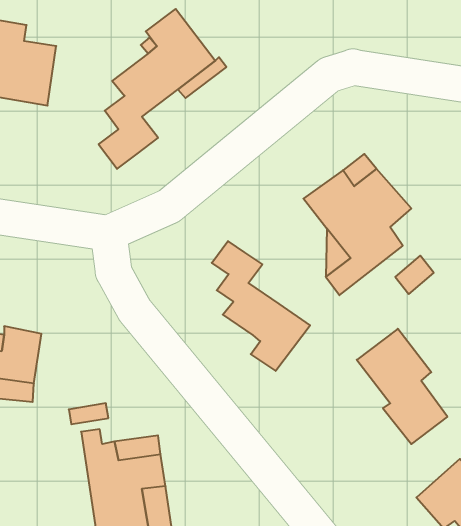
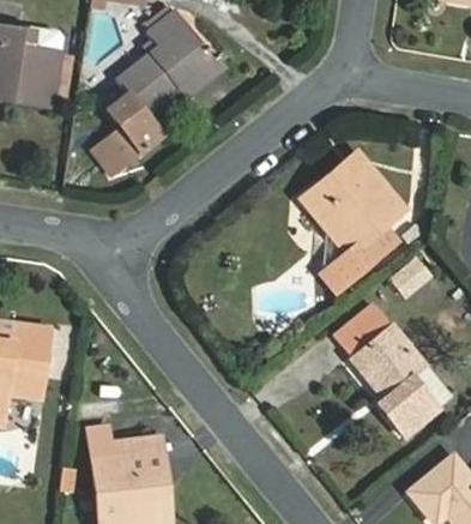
building: [212,241,310,371] -> none
building: none -> [336,305,392,355]

